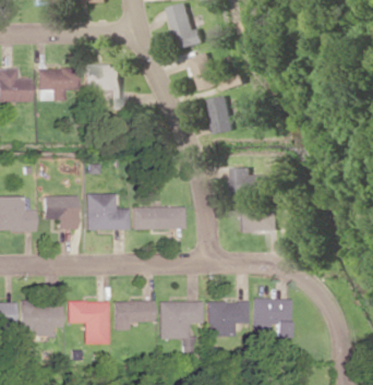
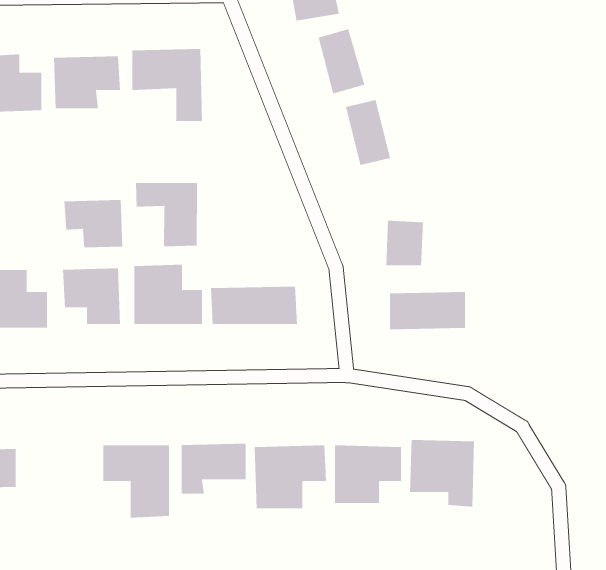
building: none -> [136,182,197,247]
building: none -> [64,199,123,248]
building: [21,299,62,336] -> none

